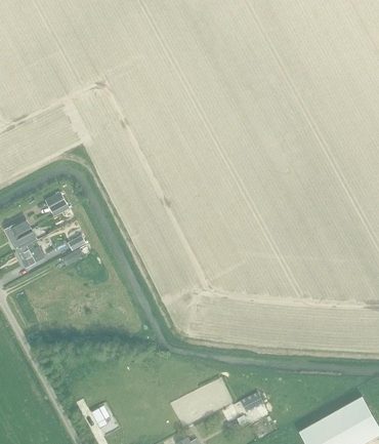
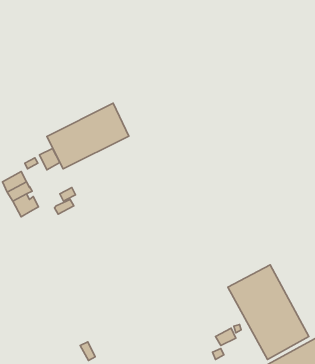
building: none -> [47,103,129,169]
building: none -> [228,265,309,359]

